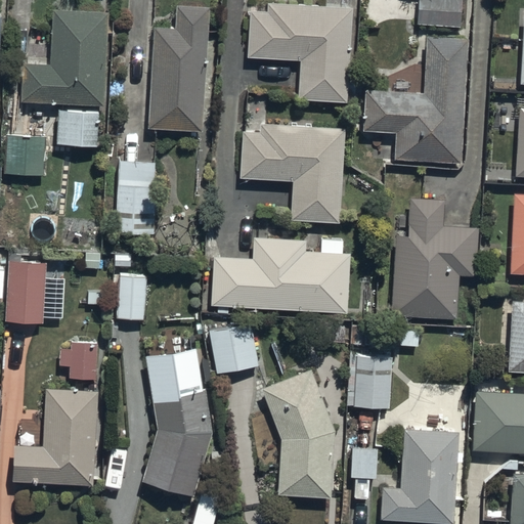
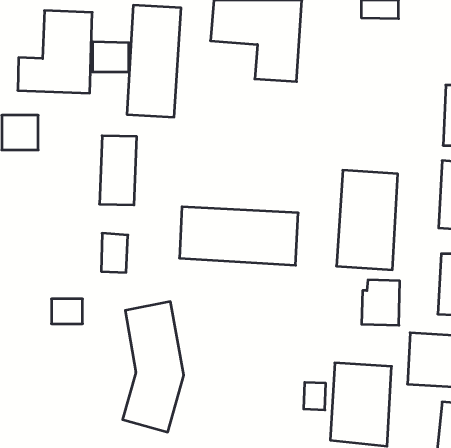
building: [364,34,466,162] -> none
building: [60,117,102,151] -> [93,42,129,72]
building: [237,122,344,222] -> none
building: [9,261,60,323] -> none
building: [210,323,262,376] -> none
building: [349,358,393,410] -> [362,280,400,325]
building: [260,370,334,498] -> none
building: [10,387,96,483] -> none

